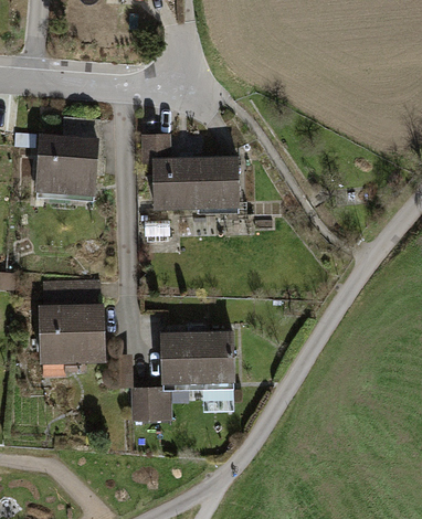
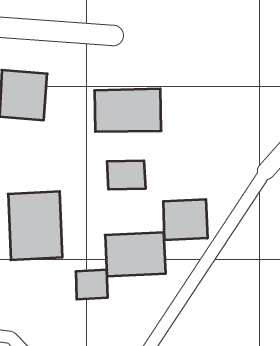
building: none -> [107,161,145,189]
building: none -> [163,199,207,240]

